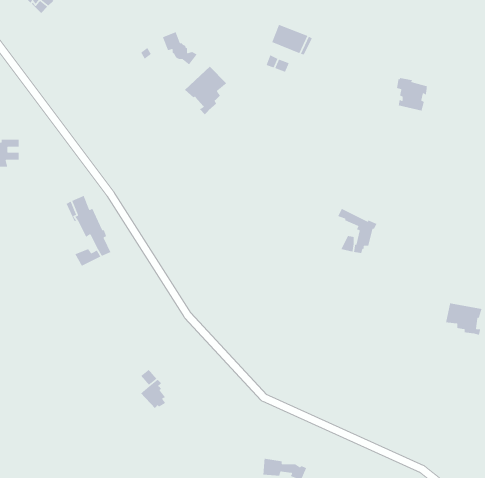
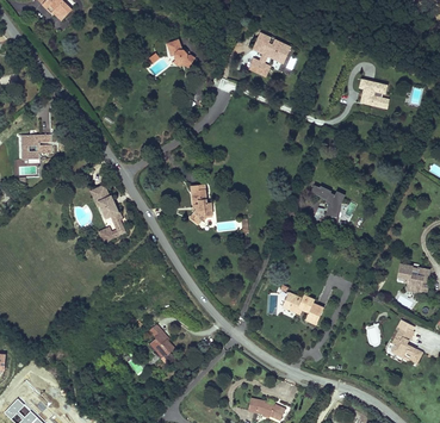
building: [184,66,227,115] -> none
building: none -> [190,188,212,228]
building: none -> [281,297,323,326]
building: none -> [392,330,421,366]

